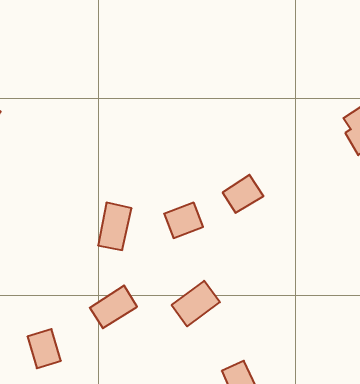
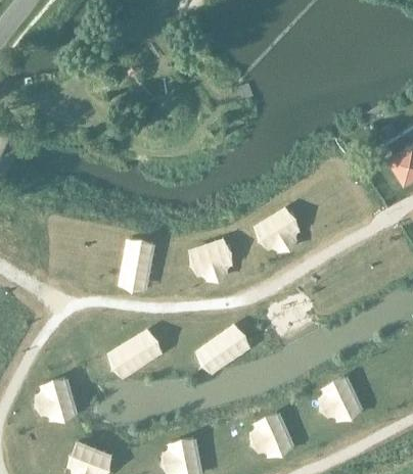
building: none -> [323,378,363,422]

